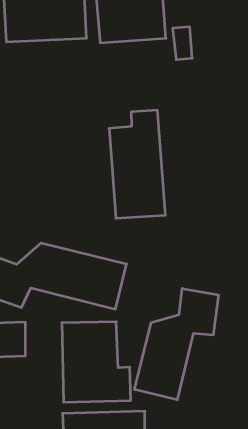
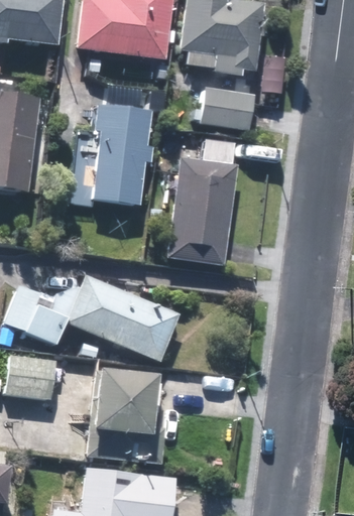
building: none -> [199,90,255,134]
building: none -> [91,86,165,207]
building: [135,288,218,400] -> none

